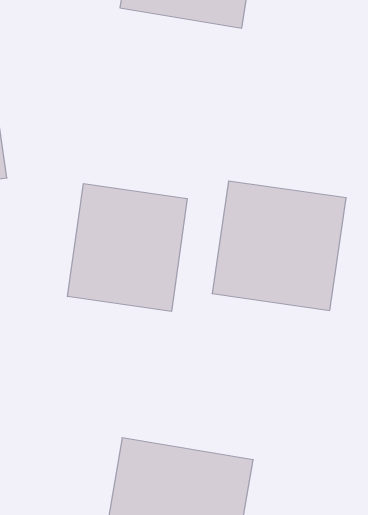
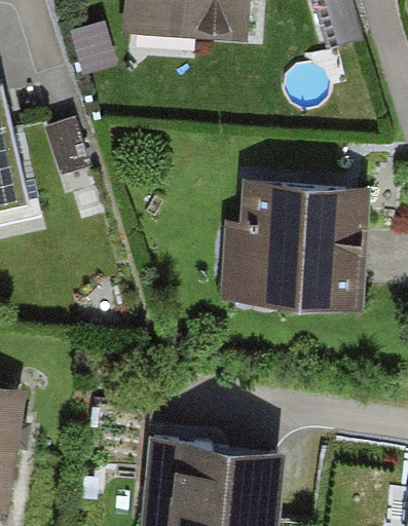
building: [68,184,187,311] -> none

